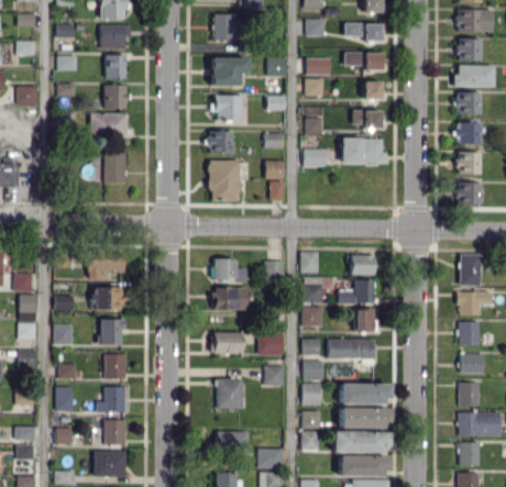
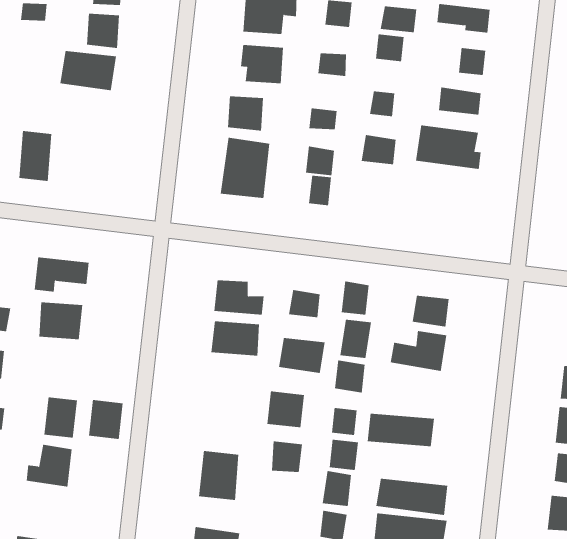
building: [105,151,127,184] -> [19,131,52,181]
building: [355,309,375,333] -> none
building: [101,319,123,344] -> [88,400,124,439]
building: [212,332,243,354] -> [278,337,326,373]
building: [105,420,127,445] -> none

